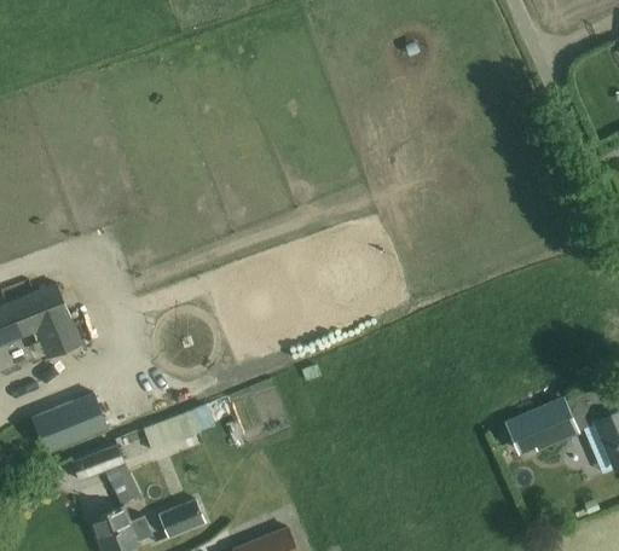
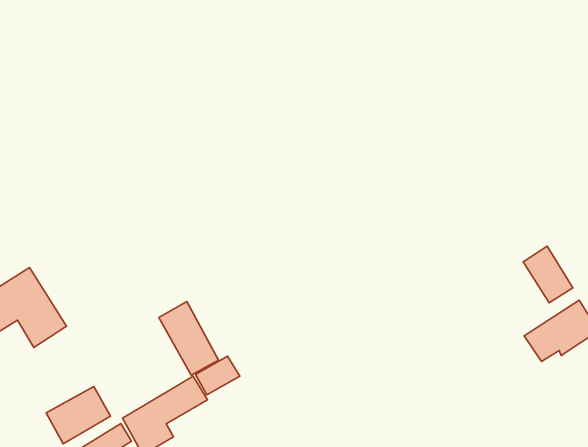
building: none -> [159,301,219,375]
building: none -> [523,246,573,303]

